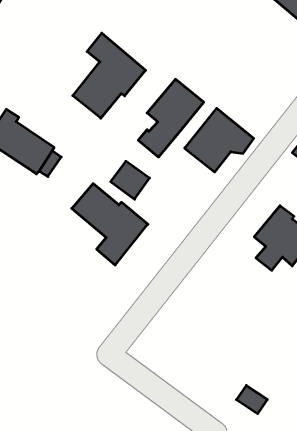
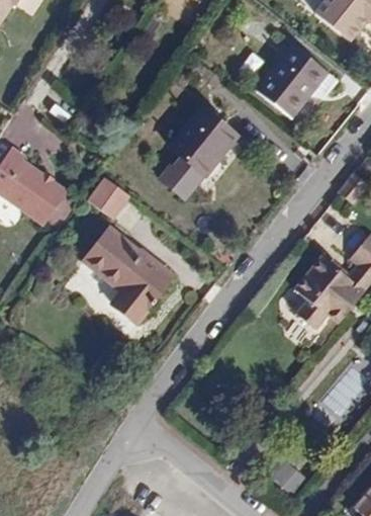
building: [73,33,146,118] -> none
building: [185,108,254,172] -> [255,44,334,116]
building: [111,161,150,199] -> [86,176,130,220]

